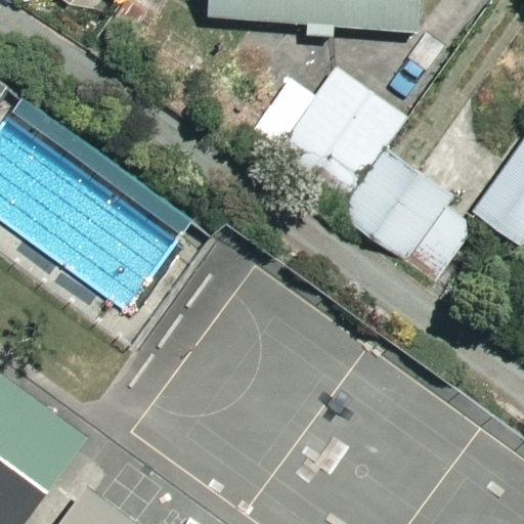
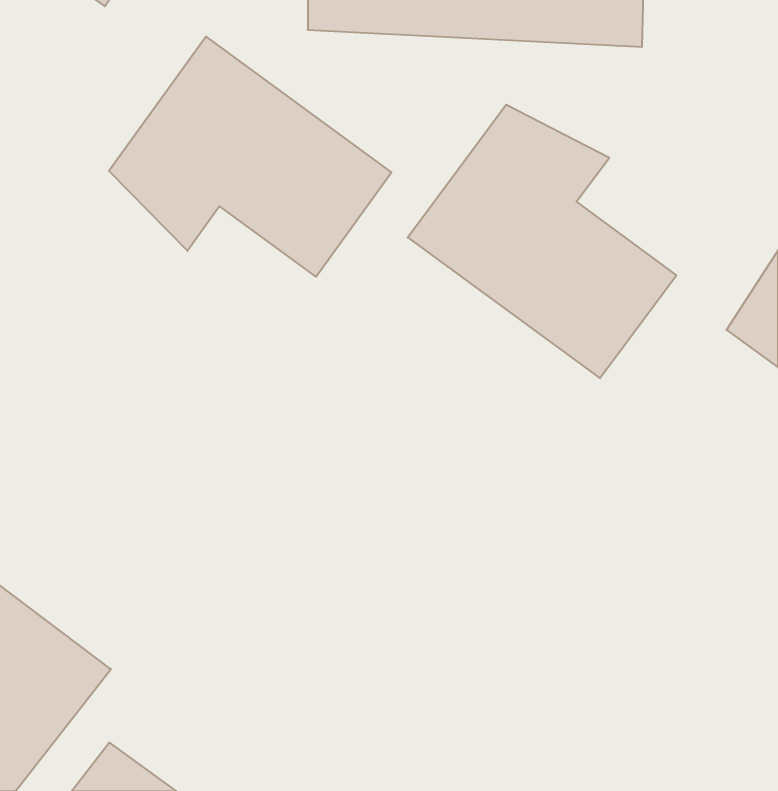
building: none -> [109,37,391,277]

